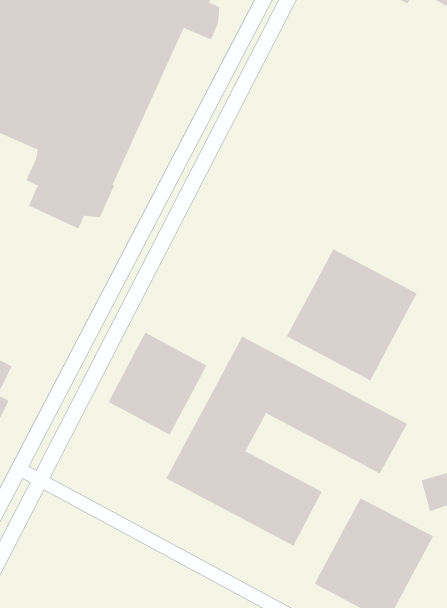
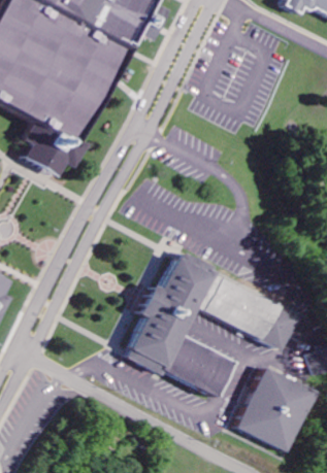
building: [286,248,417,381] -> none
building: [108,332,207,435] -> none

